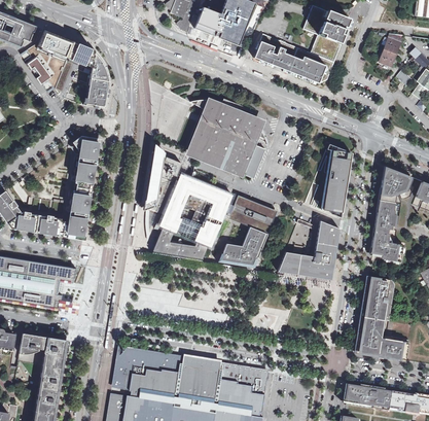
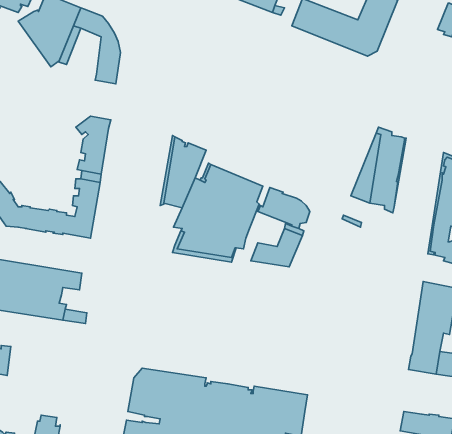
building: [190,100,267,179] -> none
building: [279,220,341,279] -> none
building: [19,337,67,388] -> none

